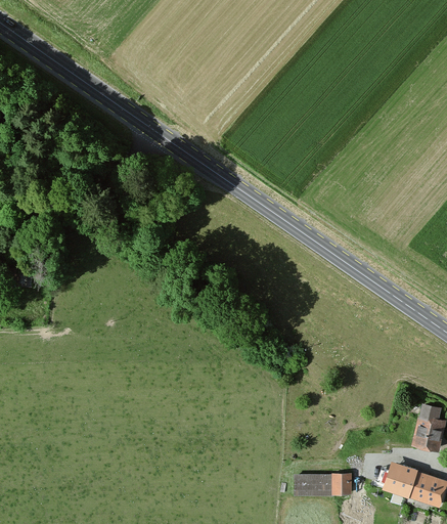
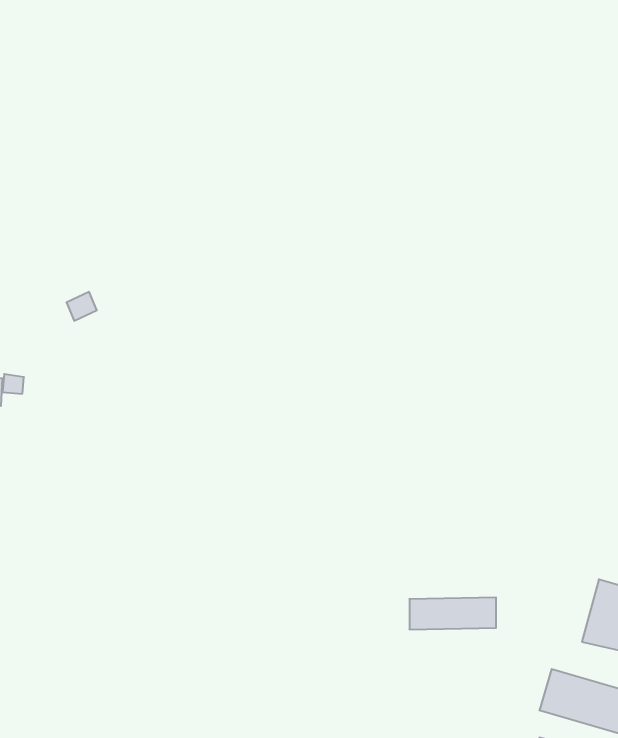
building: [294,474,352,495] -> [409,597,496,629]

